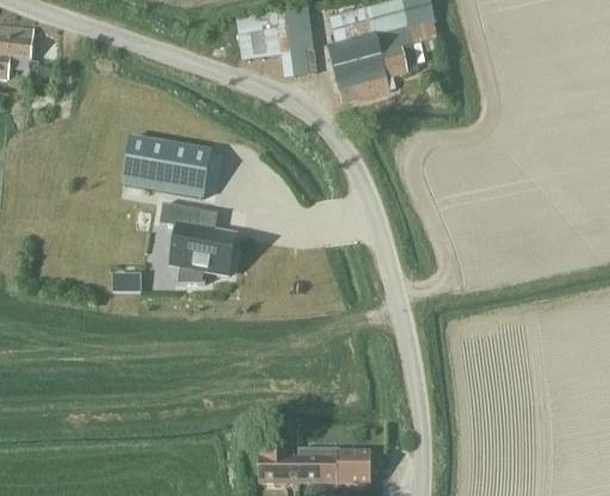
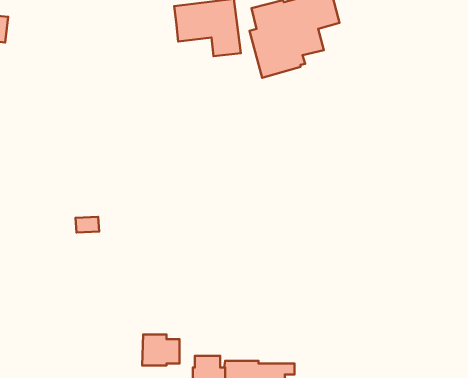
building: [122,137,210,197] -> none
building: [158,203,235,283] -> none
building: none -> [142,334,180,365]

